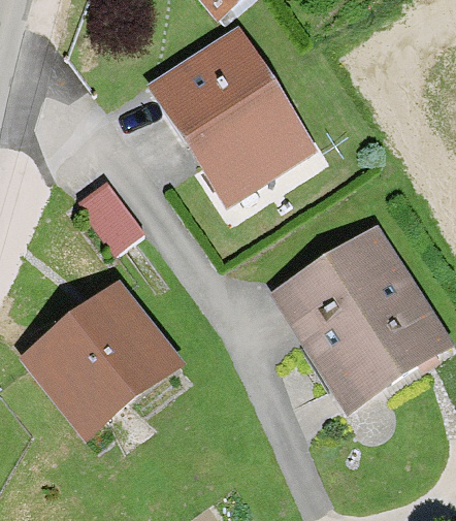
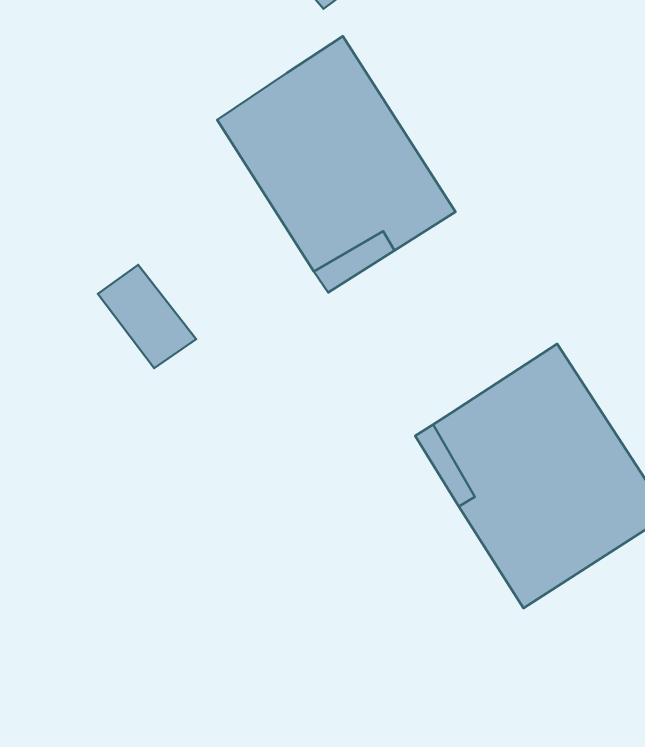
building: [37,290,171,420] -> none

